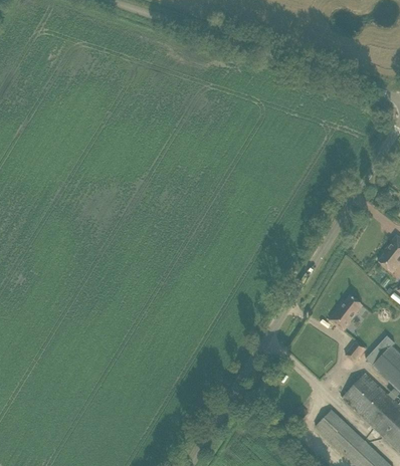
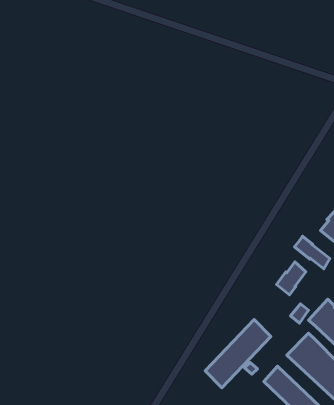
building: none -> [295,236,330,269]
building: none -> [205,320,271,388]

